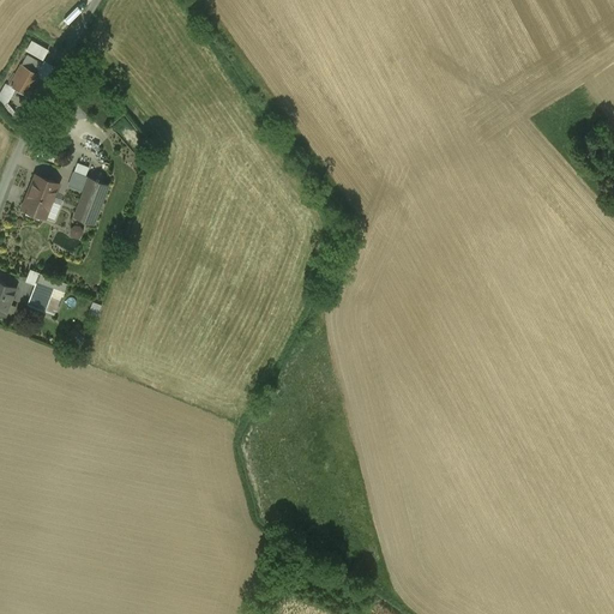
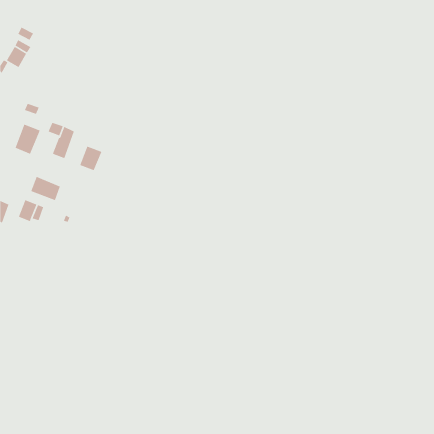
building: none -> [79,145,102,171]
building: none -> [30,176,61,201]

